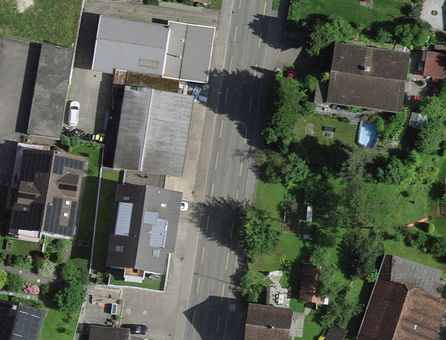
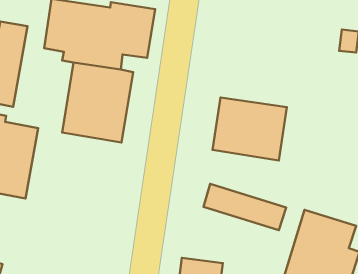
building: [326,42,410,113] -> [212,97,287,161]
building: [105,187,182,275] -> none
building: none -> [203,184,286,230]

